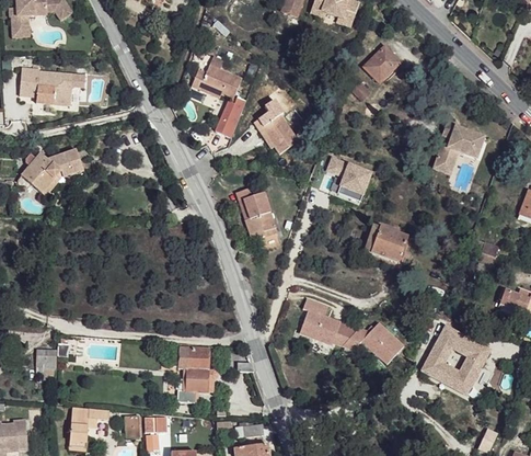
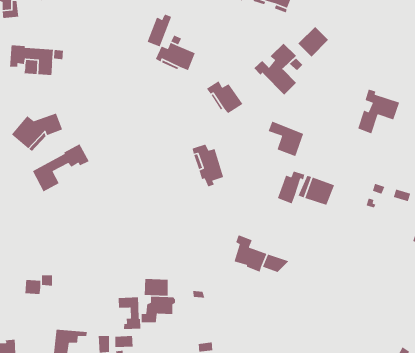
building: none -> [253,43,297,96]
building: [216,98,246,138] -> [146,14,172,48]
building: none -> [32,143,90,192]
building: none -> [277,170,305,204]
building: [339,320,401,361] -> none
building: [419,326,490,397] -> none
building: none -> [118,297,141,330]

